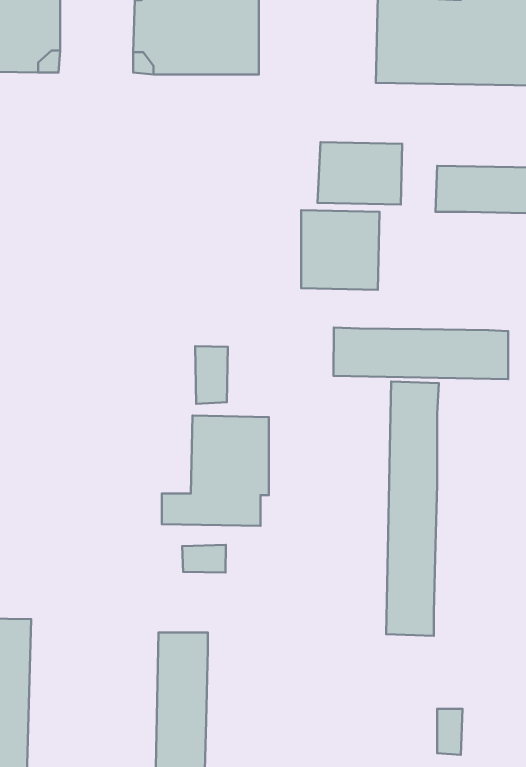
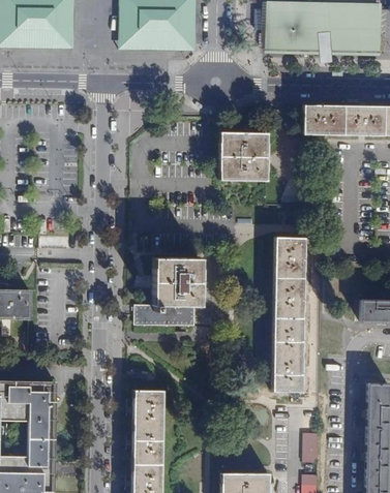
building: [317,142,402,205] -> none
building: [334,328,508,379] -> none
building: [195,346,228,404] -> none
building: [182,545,226,573] -> none

